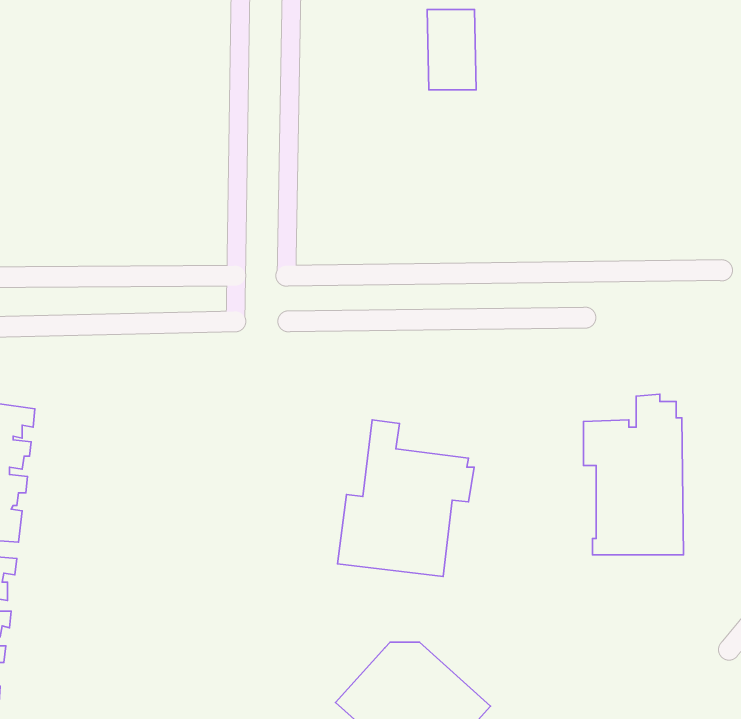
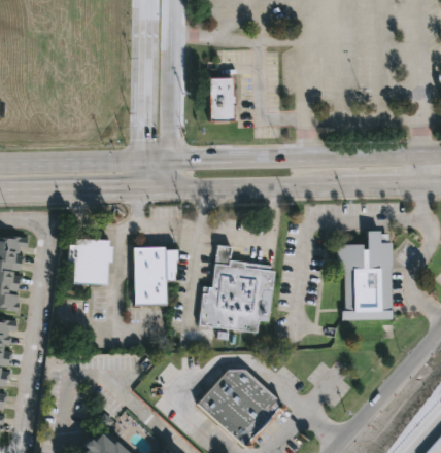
building: [427,10,476,90] -> [207,77,235,123]
building: none -> [67,238,112,284]
building: none -> [134,247,177,307]

